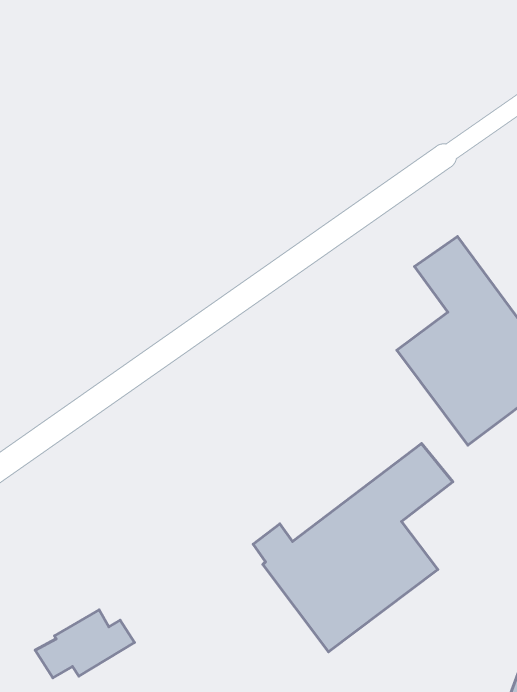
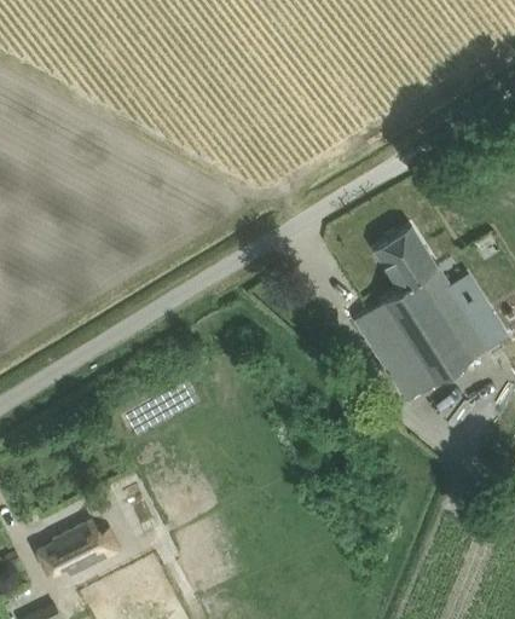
building: [253,443,453,652] -> none

